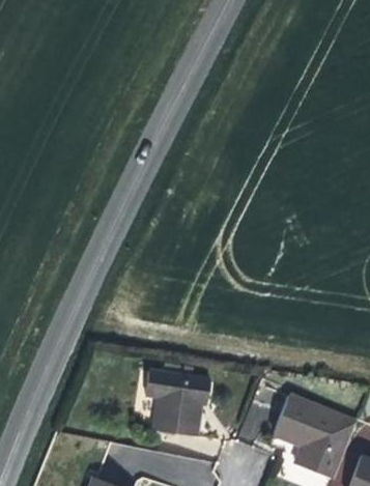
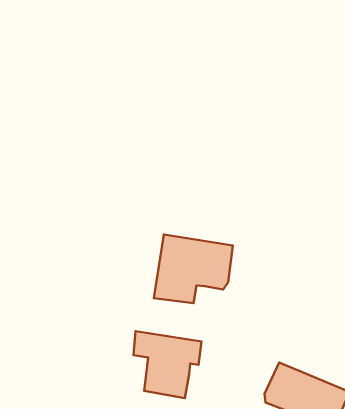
building: none -> [154,234,233,303]

